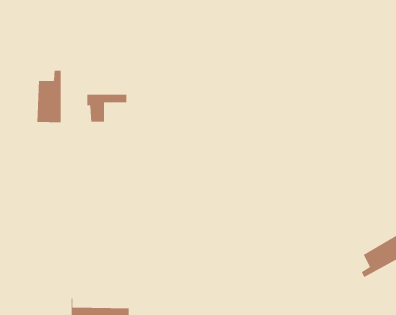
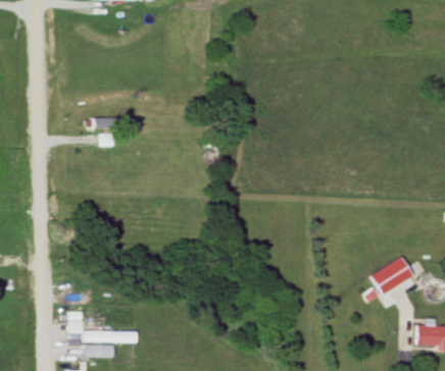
building: [37,70,61,123] -> none

